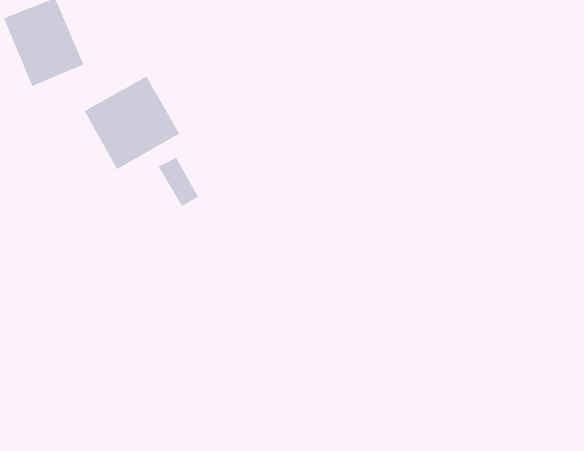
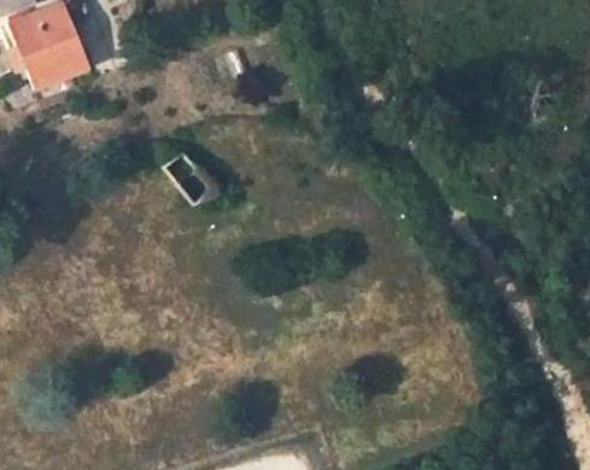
building: [84,76,180,170] -> none

